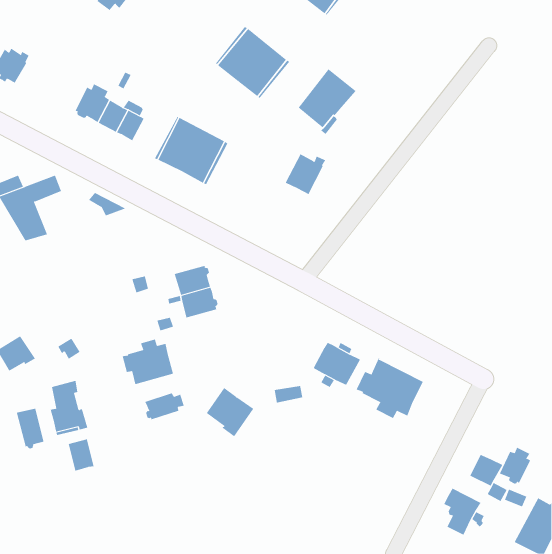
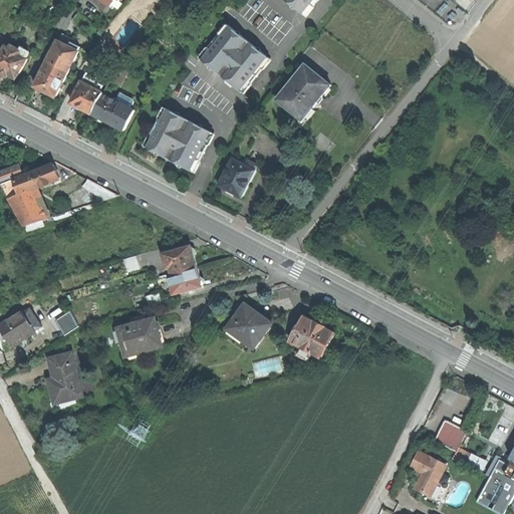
building: none -> [33,40,77,95]
building: [285,154,326,195] -> [217,158,255,196]
building: [356,358,424,419] -> none
building: [204,387,254,437] -> [225,302,271,348]
building: [145,393,185,420] -> none
building: [16,408,44,449] -> none
building: [68,438,94,472] -> none
building: [499,447,531,484] -> none

